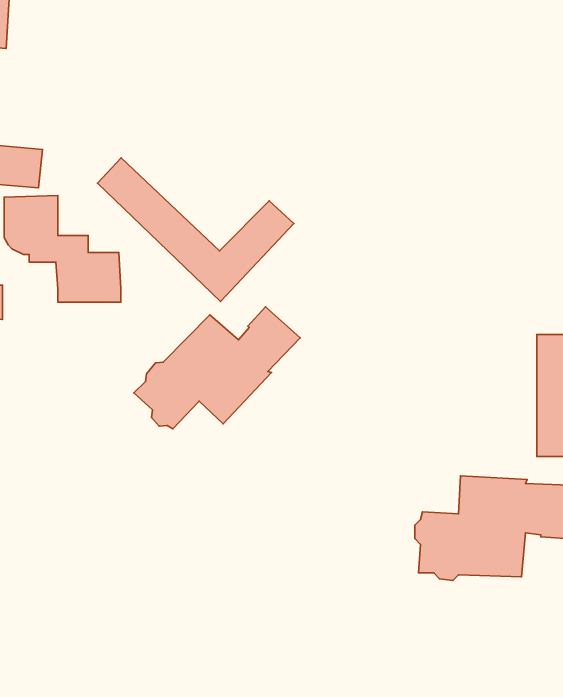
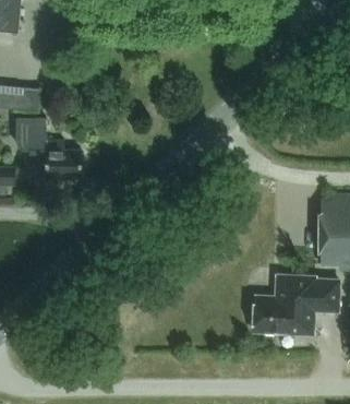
building: [98,158,294,301] -> none
building: [134,307,300,429] -> none

